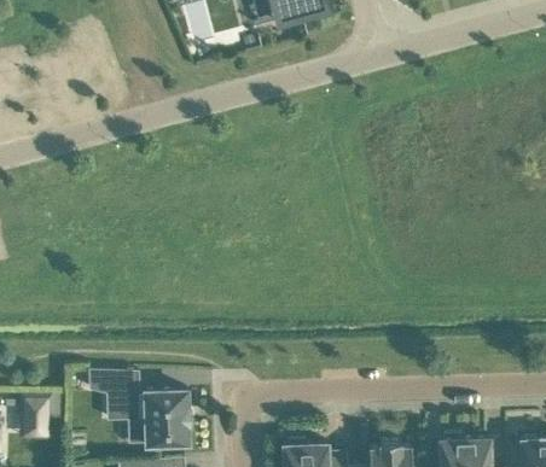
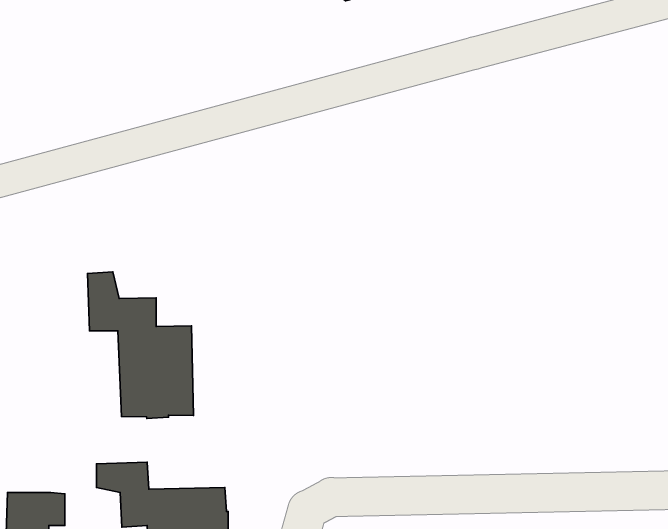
building: none -> [88,272,194,418]

